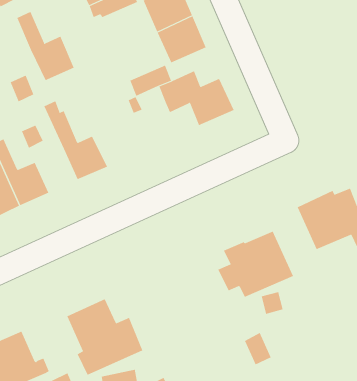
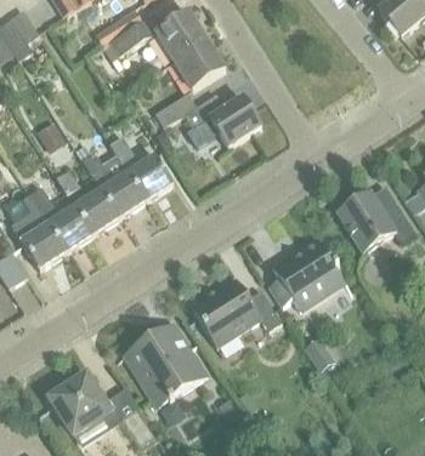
building: [16,11,75,81] -> [107,135,171,200]
building: none -> [73,189,117,234]
building: none -> [192,277,280,346]

